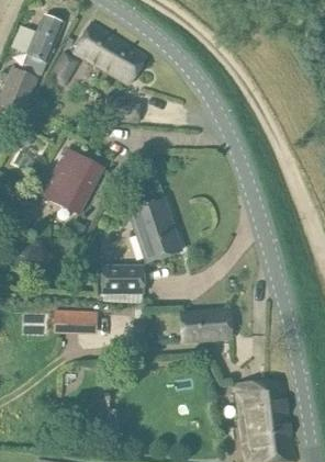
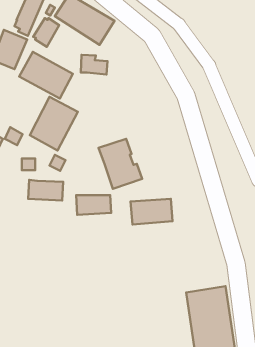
building: none -> [19,52,73,98]
building: [54,309,97,335] -> [28,180,63,201]
building: [179,309,231,341] -> [131,199,173,225]

